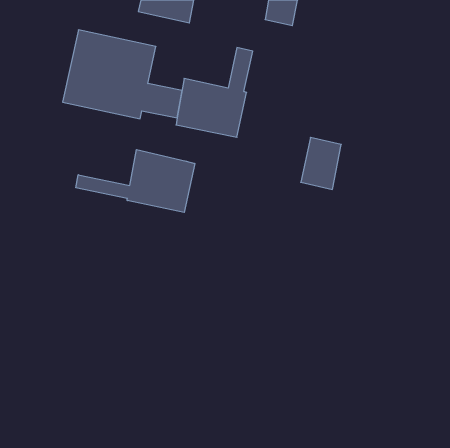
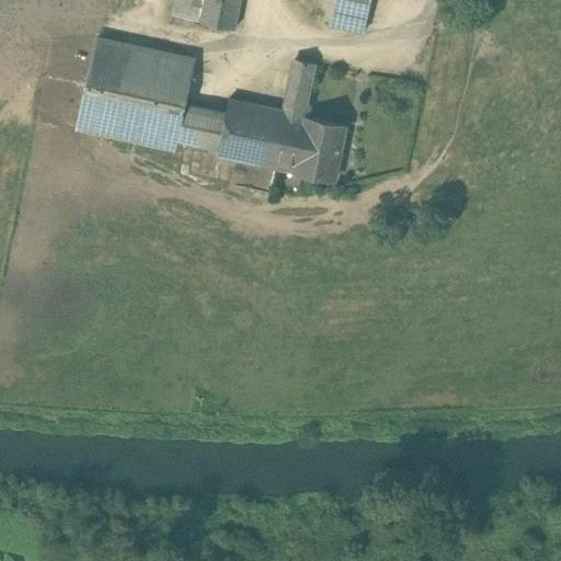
building: [301,137,341,189] -> [295,117,345,182]
building: [76,150,195,212] -> none

